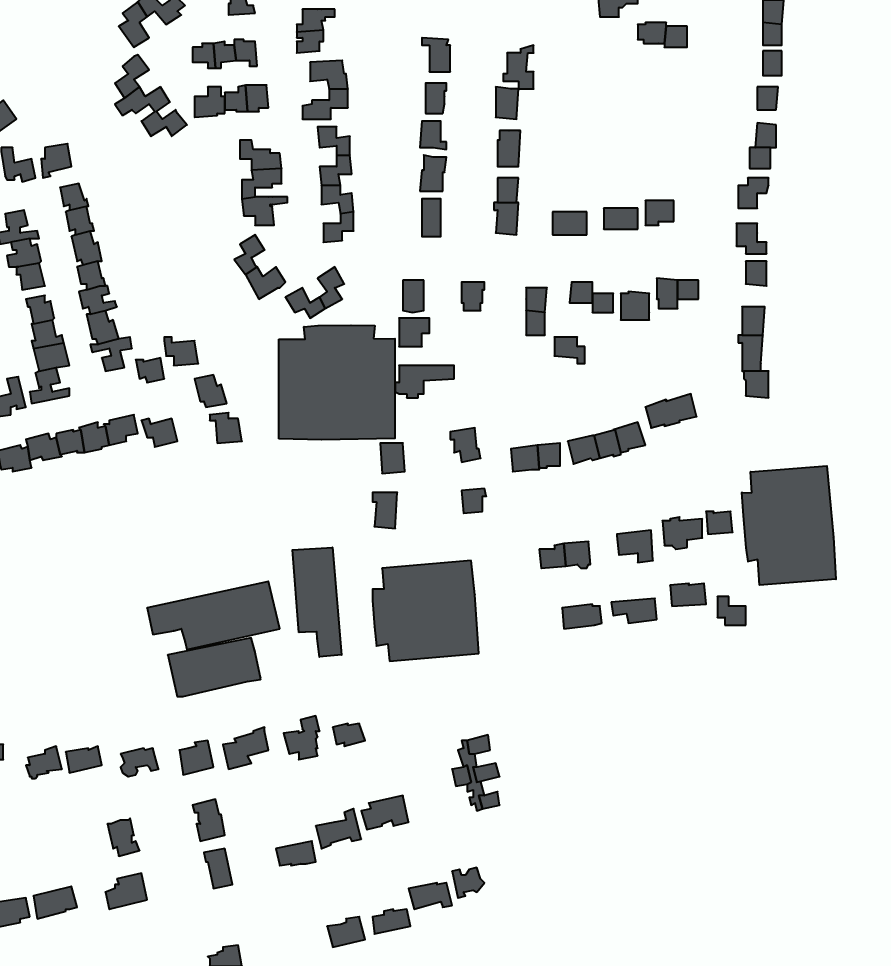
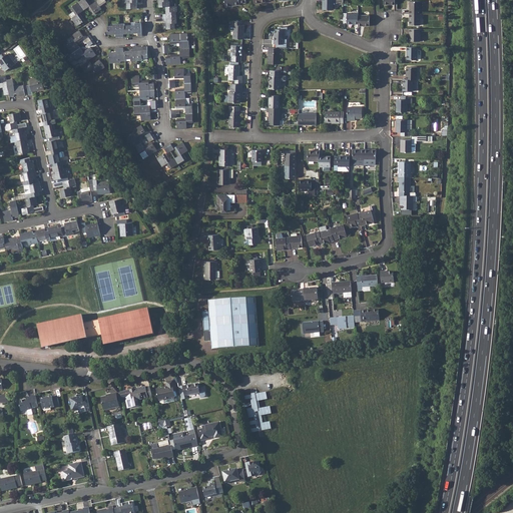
building: [279,325,395,440] -> none
building: [742,466,836,585] -> none
building: [292,547,342,657] -> none
building: [168,638,261,697] -> [37,315,86,346]

